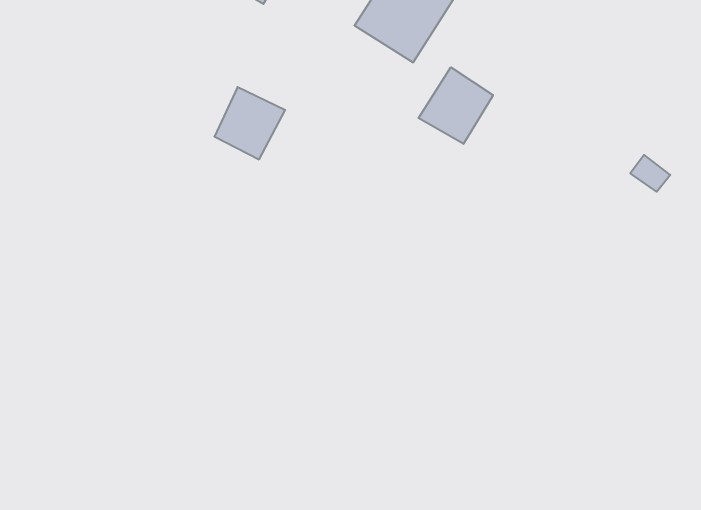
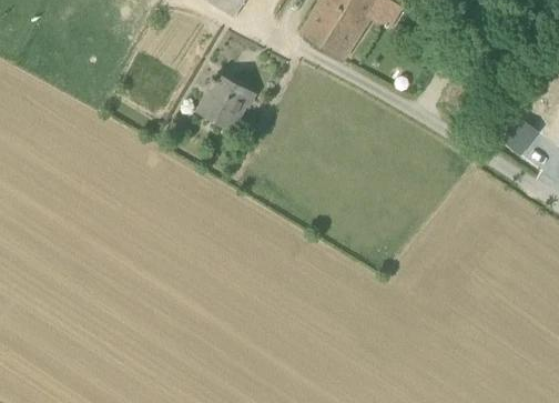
building: [418,67,493,144] -> none

